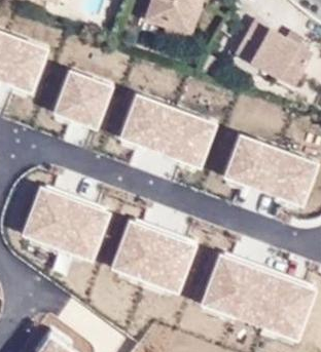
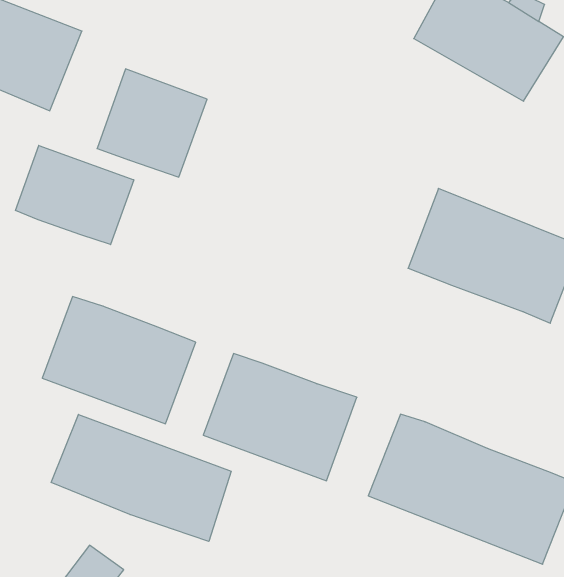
building: [127,94,220,167] -> none
building: none -> [16,145,134,245]
building: none -> [51,414,231,541]

